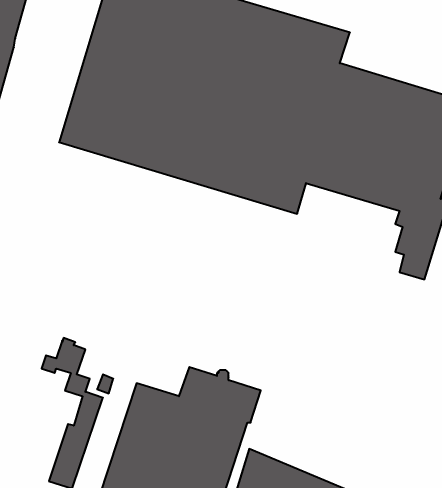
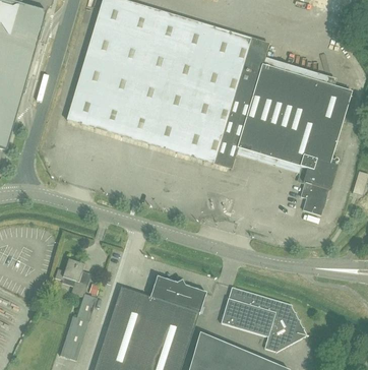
building: none -> [220,287,307,352]

